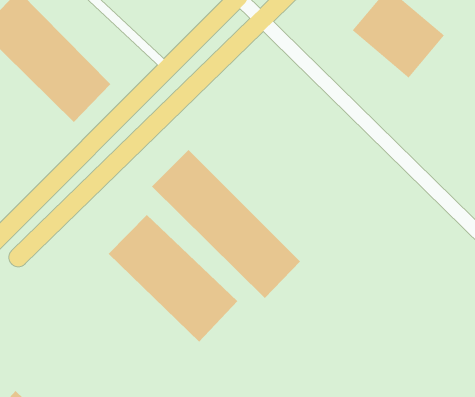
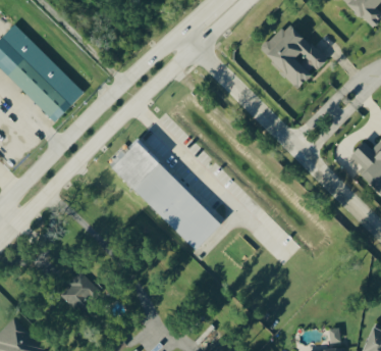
building: [108,214,238,342] -> none
building: none -> [58,271,101,314]

